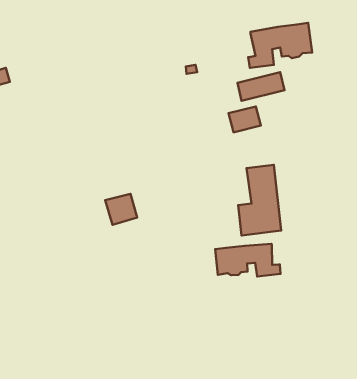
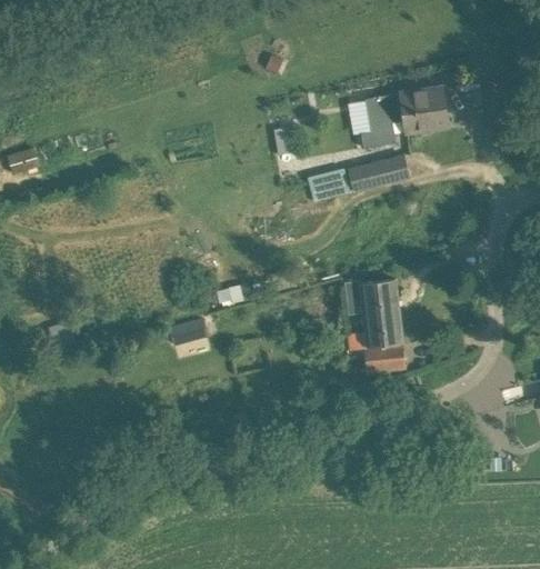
building: [229,107,261,132] -> [307,167,350,201]
building: [215,244,281,276] -> none

